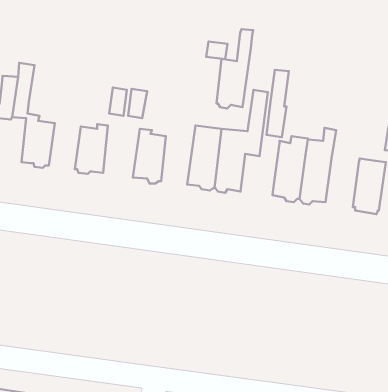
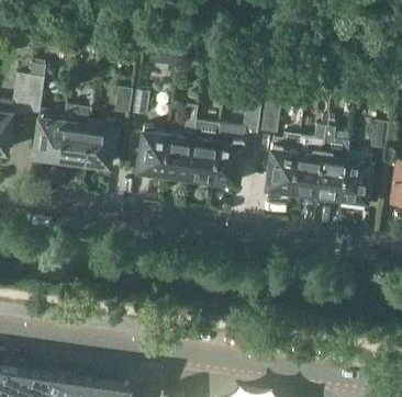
building: [217,29,253,108] -> [164,107,198,181]
building: none -> [59,109,91,168]
building: none -> [316,129,349,203]

